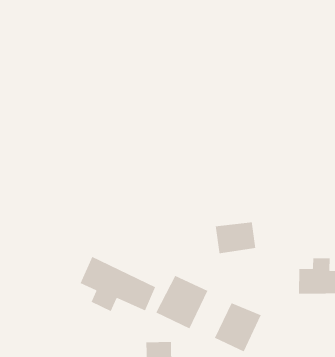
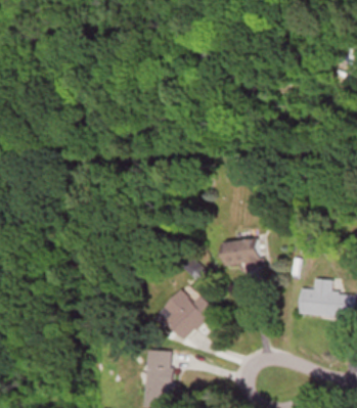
building: [79,256,156,312] -> none
building: [214,302,262,353] -> none

